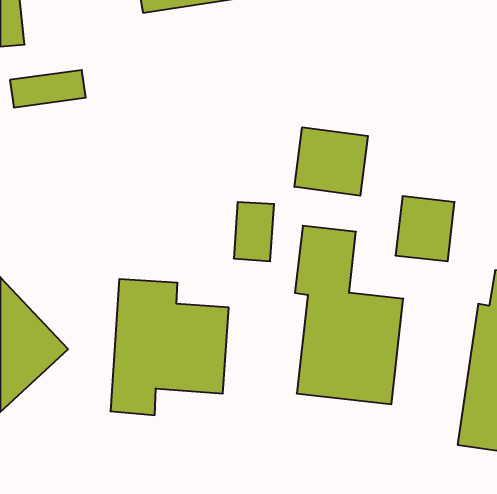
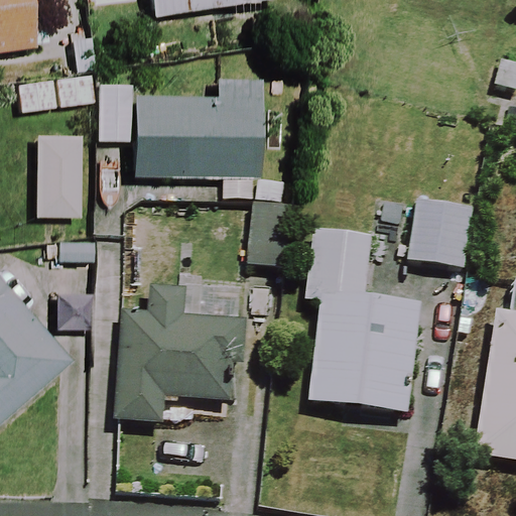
building: none -> [98,80,283,200]
building: [294,127,368,196] -> none
building: none -> [36,132,80,213]

